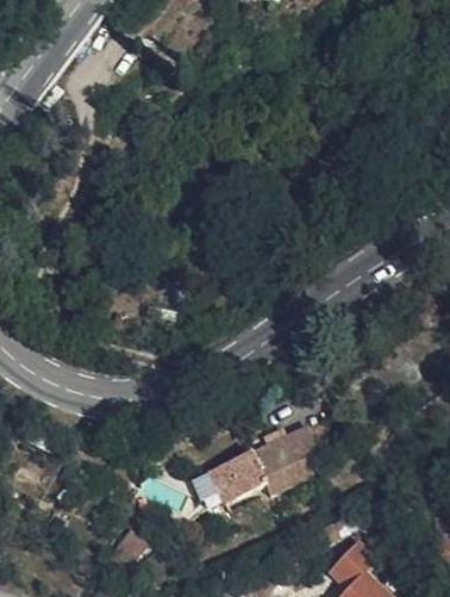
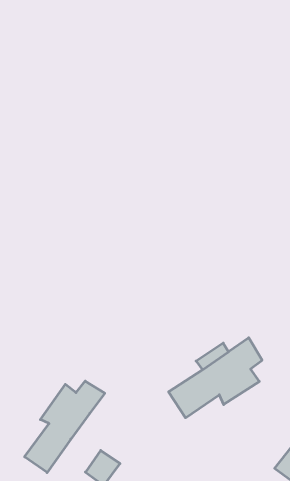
building: none -> [25,381,105,473]

